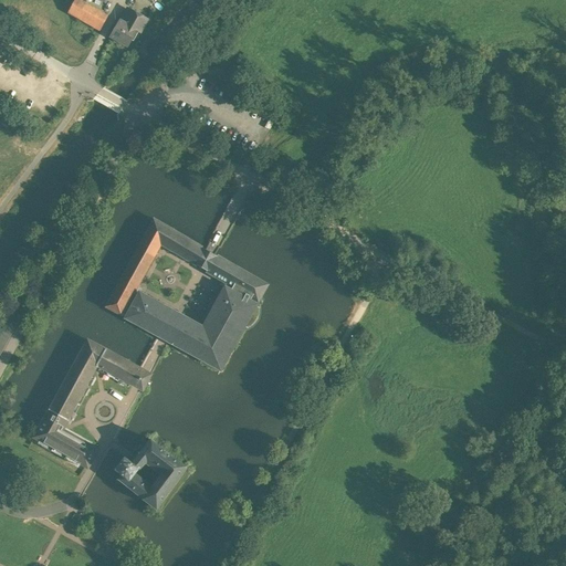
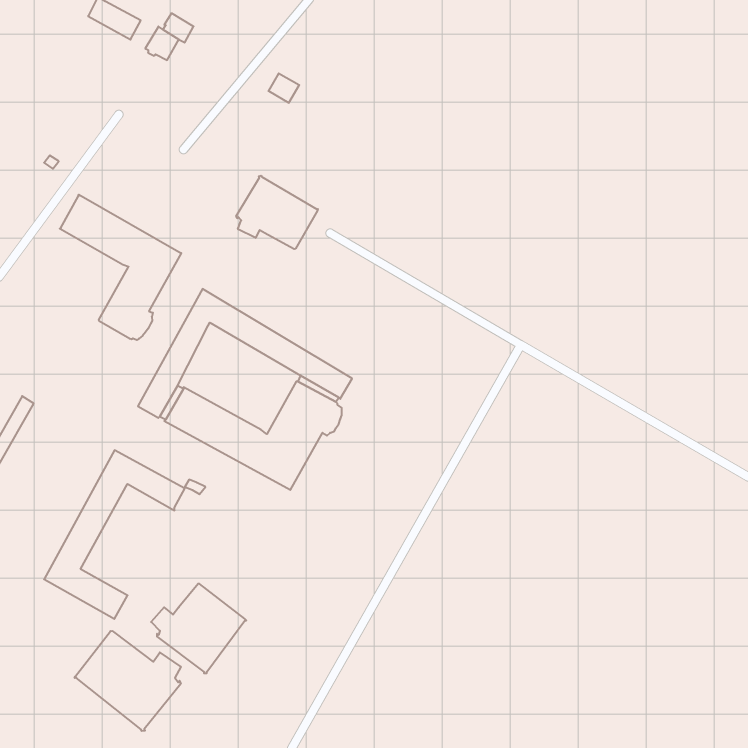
building: none -> [236,176,318,249]
building: none -> [60,195,181,340]
building: none -> [75,631,181,731]

